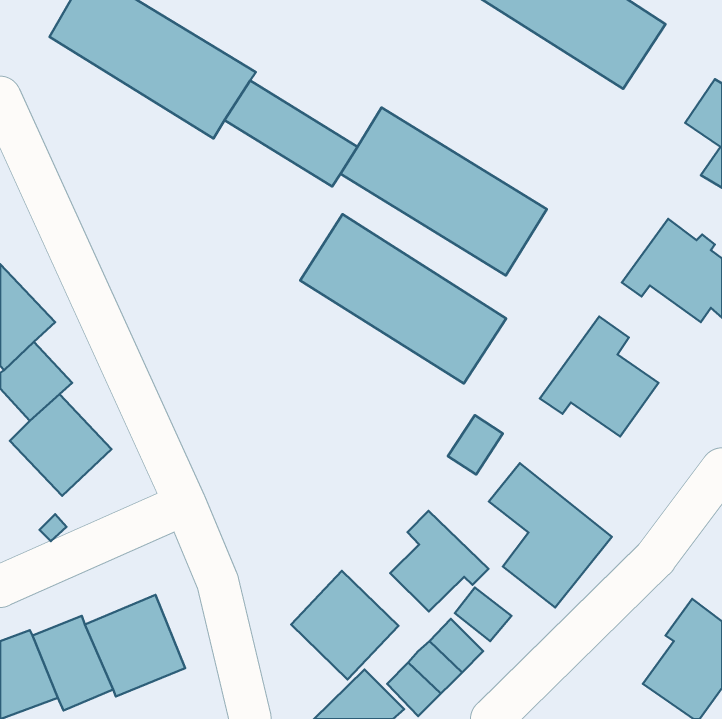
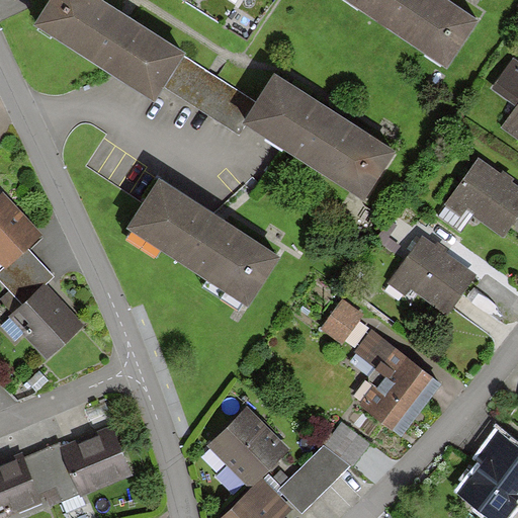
building: [300,214,506,384] -> [130,183,277,305]
building: [390,511,489,611] -> none

